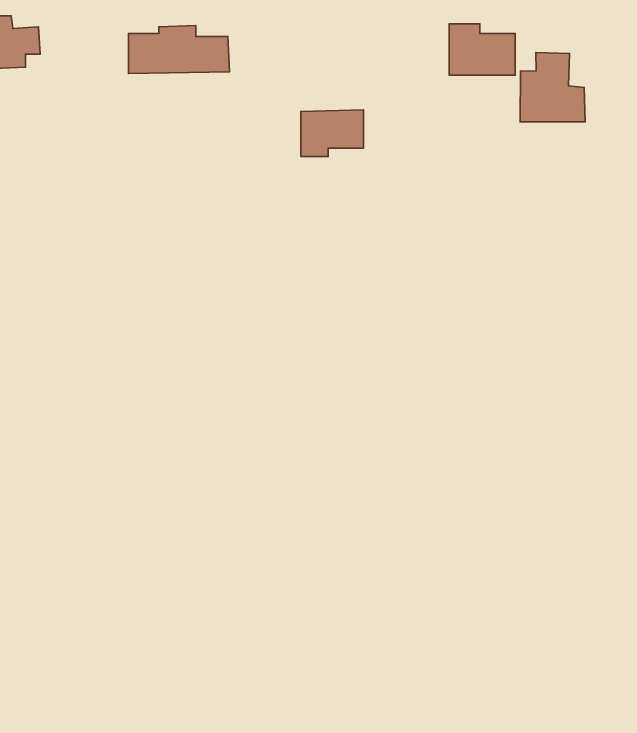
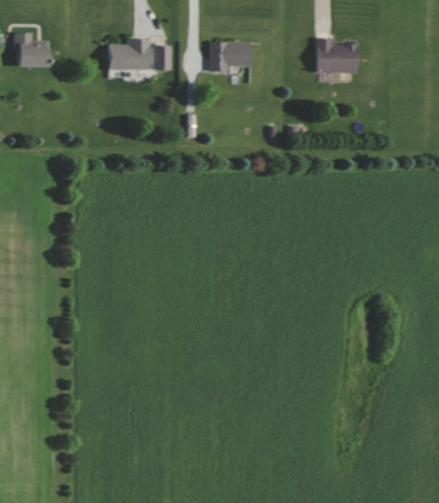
building: [520,52,585,122] -> none
building: [301,110,364,156] -> [211,41,251,71]

